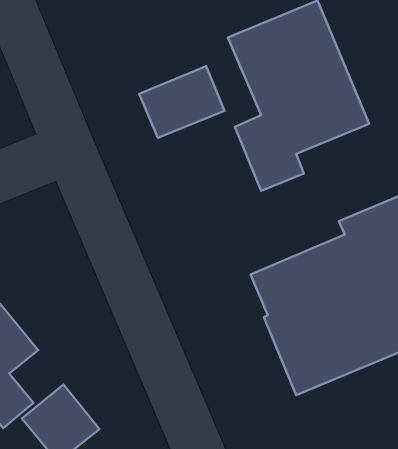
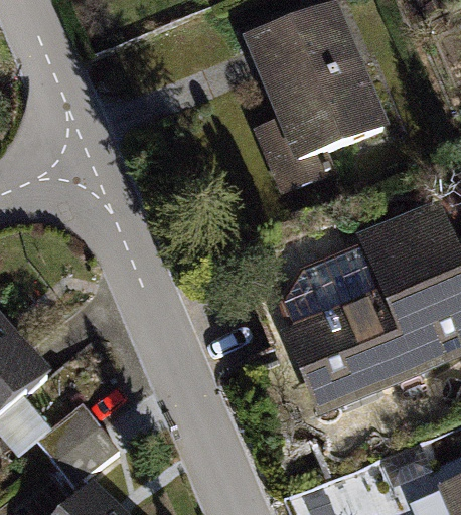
building: [139,66,224,138] -> none

